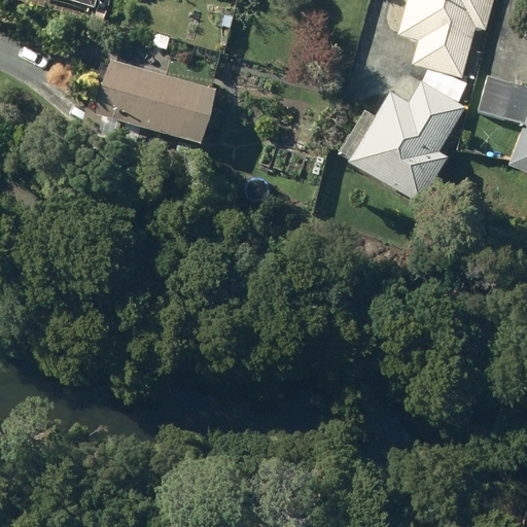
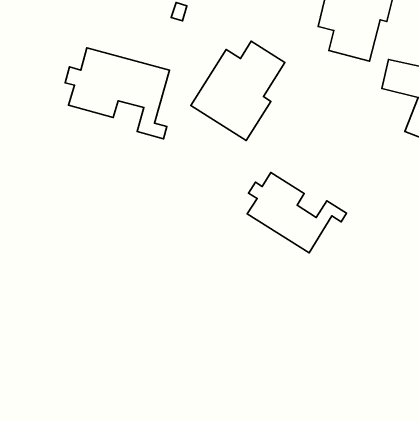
building: [348,79,465,203] -> [191,41,285,140]
building: none -> [247,173,347,253]

